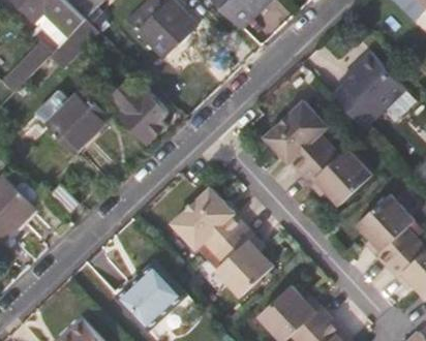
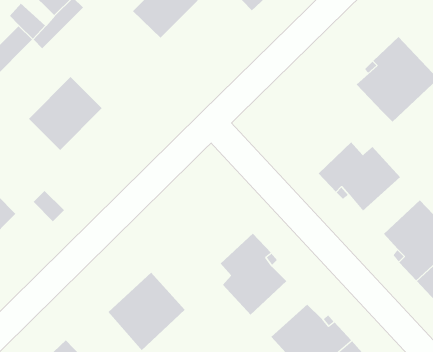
building: [108,76,171,149] -> none
building: [265,102,328,173] -> none
building: [172,188,242,251] -> none

